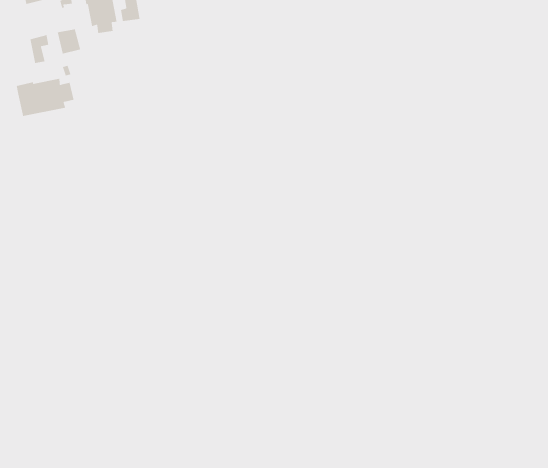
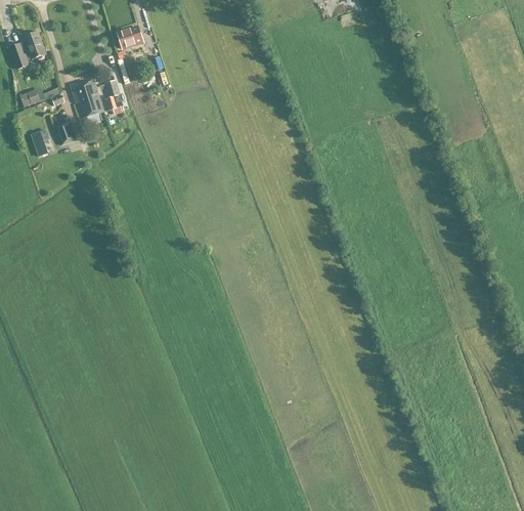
building: [16,78,74,117] -> none

